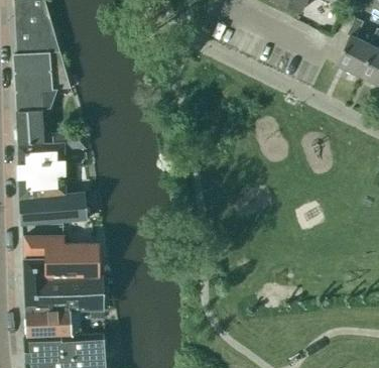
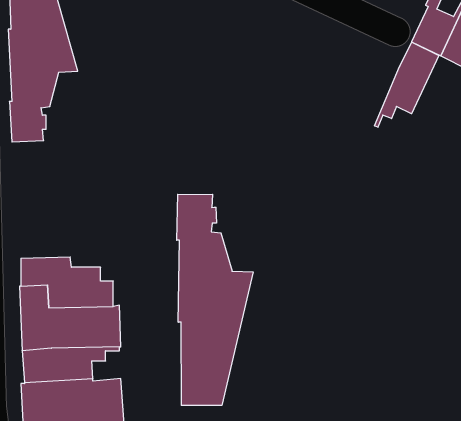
building: none -> [375,42,439,127]
building: [17,131,88,224] -> none
building: none -> [177,194,253,405]

